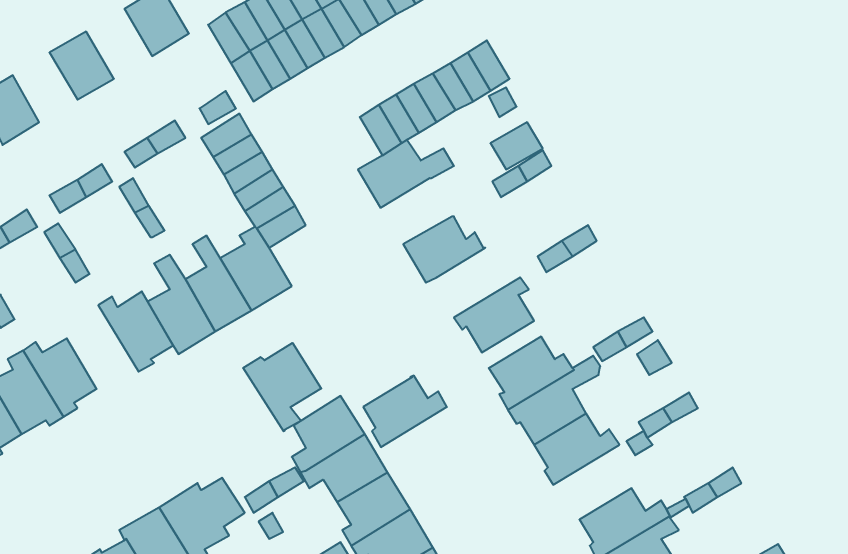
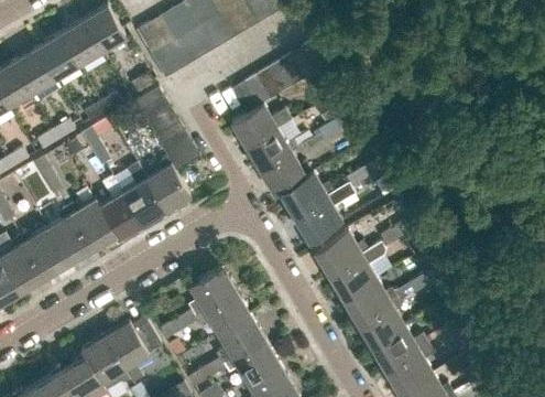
building: none -> [59,22,101,66]
building: none -> [13,50,54,94]
building: none -> [246,129,297,171]
building: none -> [47,210,92,262]
building: [243,343,321,431] -> none
building: [363,376,447,447] -> [281,172,334,217]
building: none -> [355,298,404,345]

